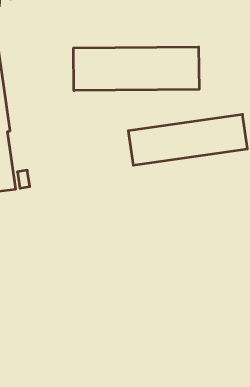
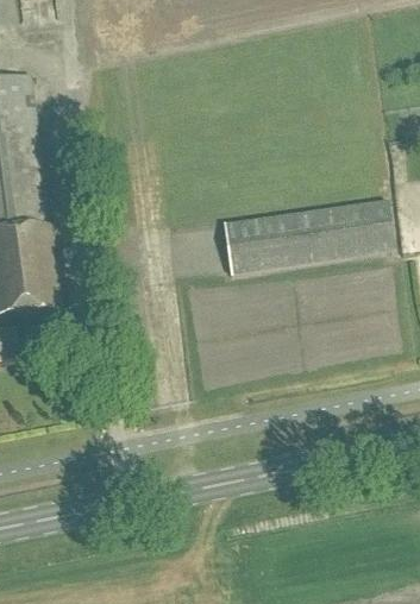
building: [74,47,199,91] -> none

